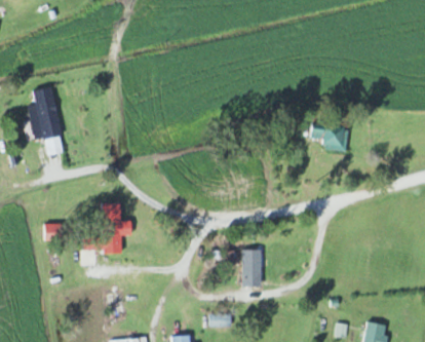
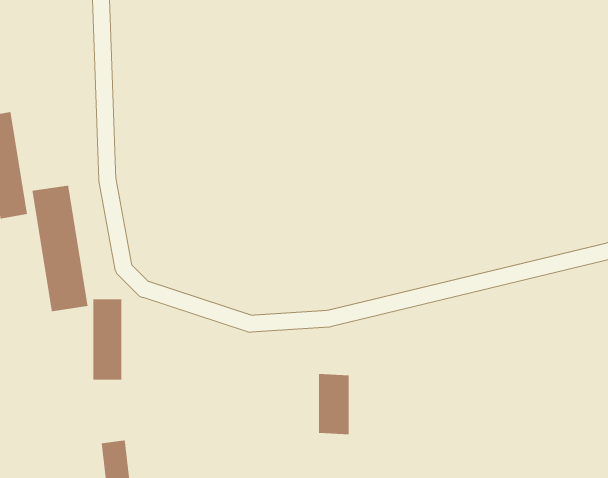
building: [309,122,348,152] -> none
building: none -> [32,185,88,312]

